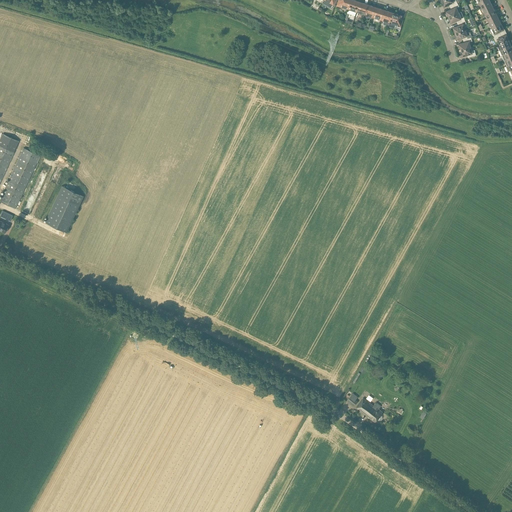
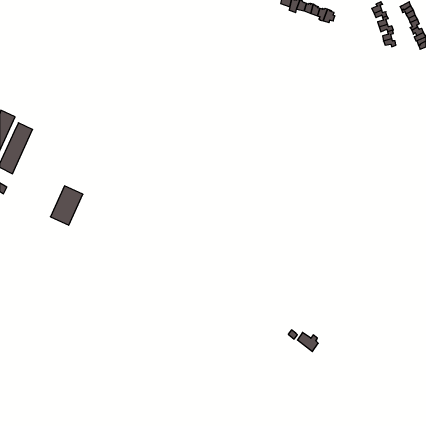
building: [44,185,83,232] -> [50,186,83,225]

